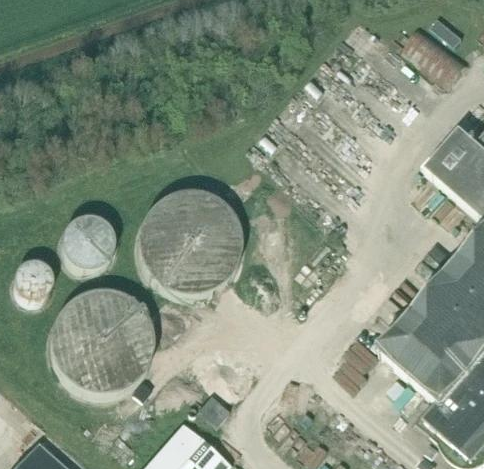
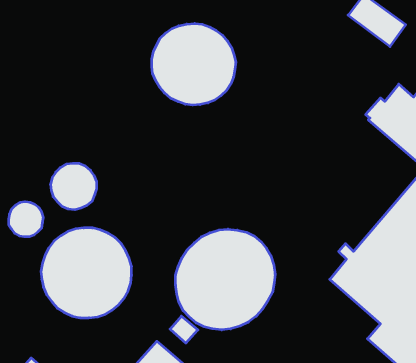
building: none -> [152,23,236,105]
building: [138,192,242,295] -> none
building: none -> [176,229,275,330]

